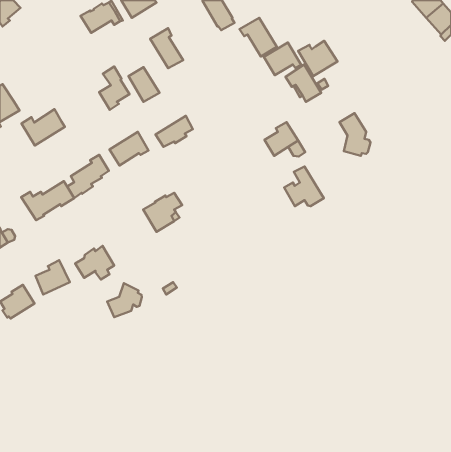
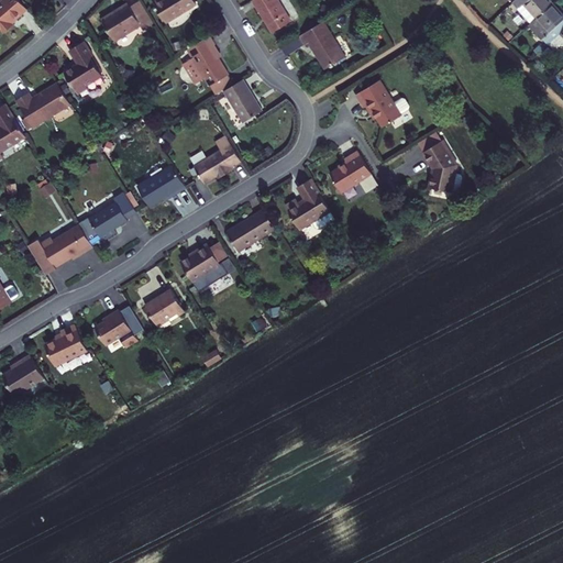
building: [298,41,337,76] -> none
building: [264,43,301,75] -> none
building: [99,67,129,110] -> [63,40,100,93]
building: [128,67,159,102] -> [223,80,262,123]
building: [22,109,65,146] -> [15,82,69,128]
building: [284,166,324,206] -> [285,180,334,230]
building: none -> [227,209,275,252]
building: none -> [143,289,183,325]
building: [107,283,142,317] -> none

